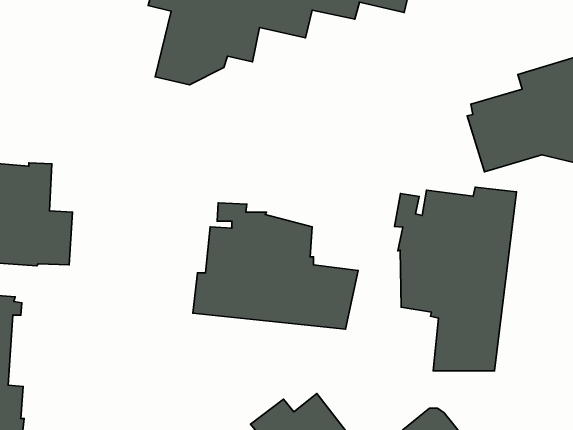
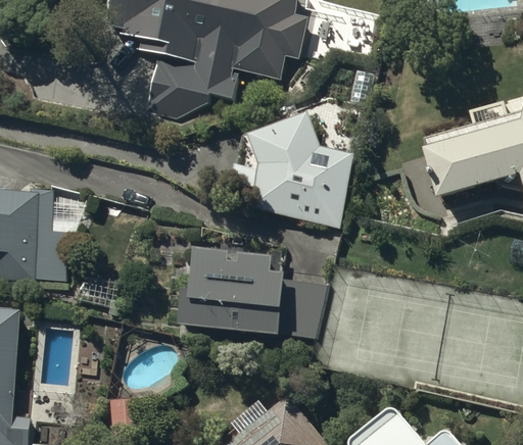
building: none -> [229,112,353,228]
building: [395,187,516,371] -> none

